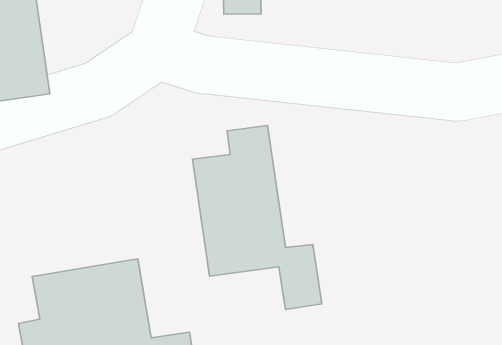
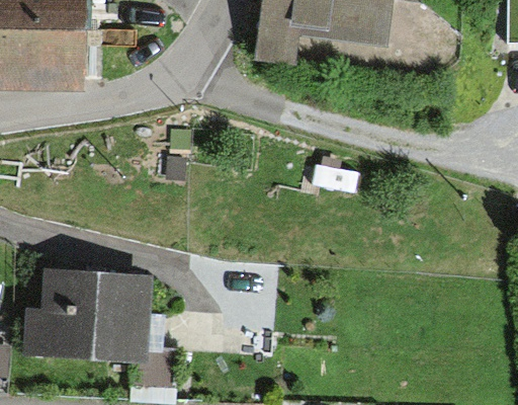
building: [192,126,322,309] -> none

